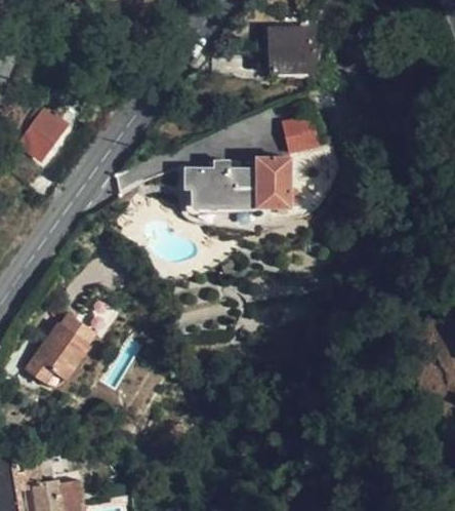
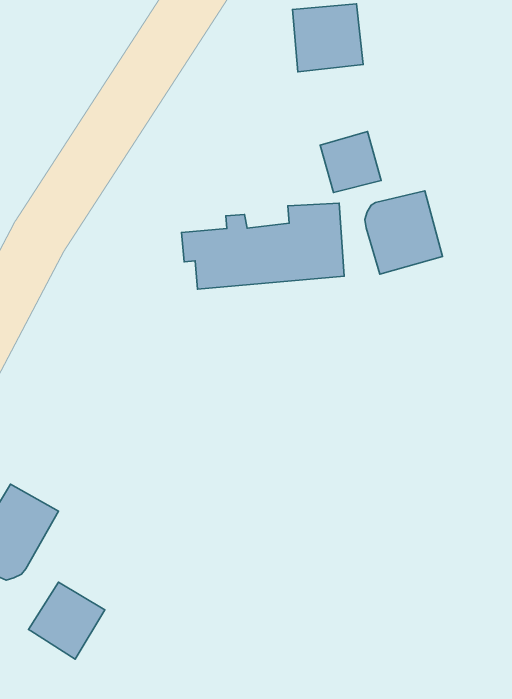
building: none -> [365,191,443,274]
building: none -> [29,582,105,659]

